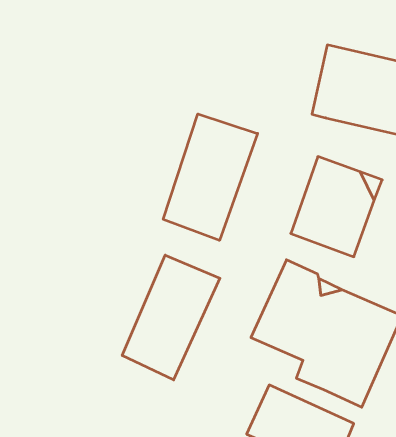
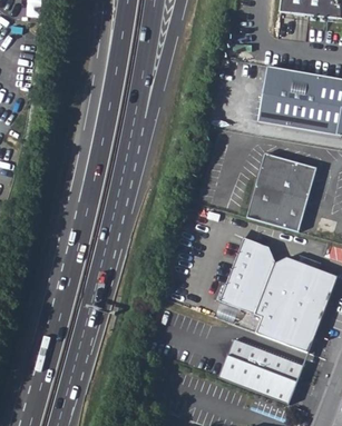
building: [163,114,258,240] -> none
building: [122,255,220,380] -> none

